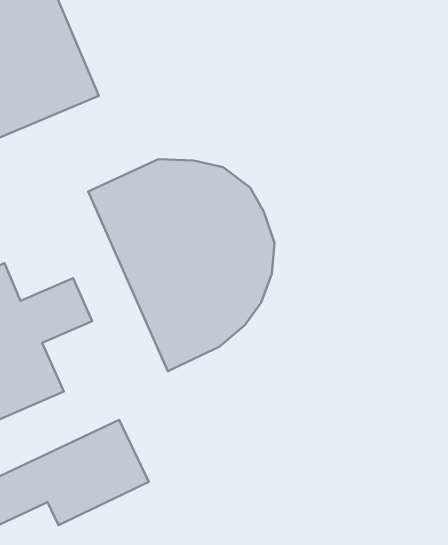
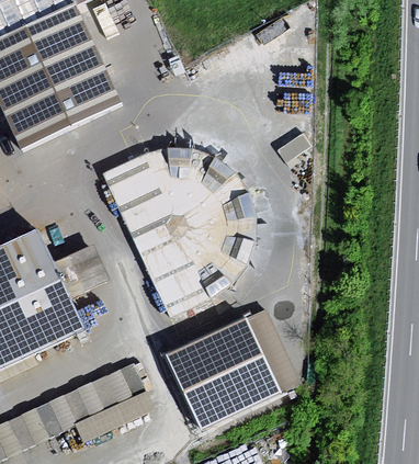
building: none -> [166,312,301,428]

